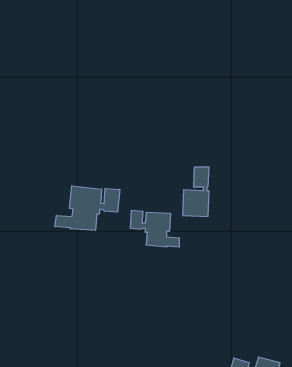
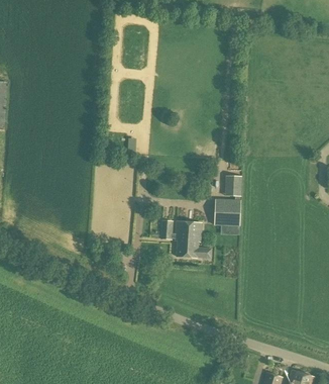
building: [55,186,120,230] -> none

